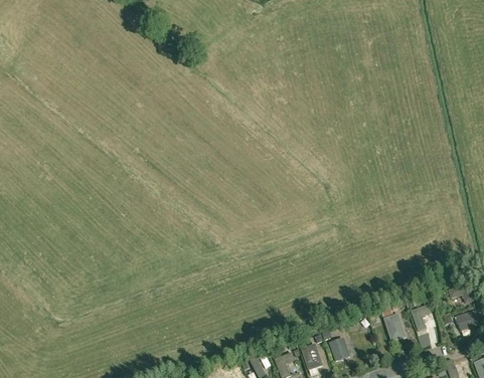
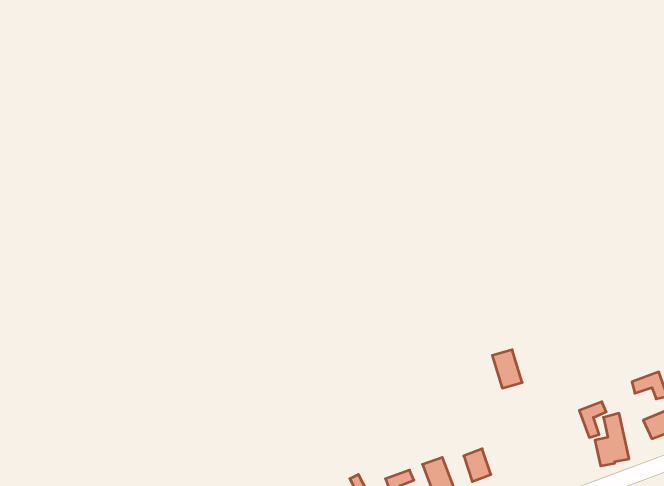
building: [384,313,406,340] -> [492,350,522,388]

